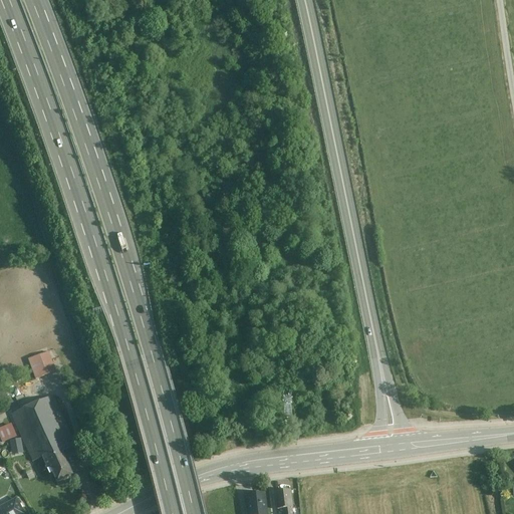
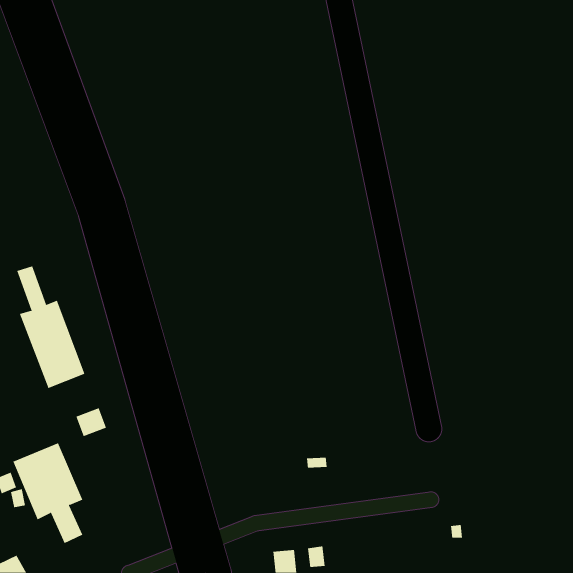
building: none -> [16,265,85,389]
building: [27,349,55,375] -> [75,408,107,437]

